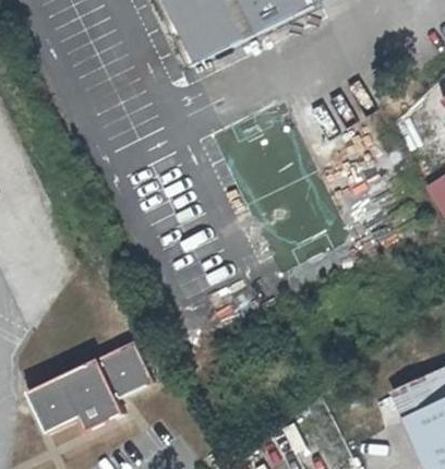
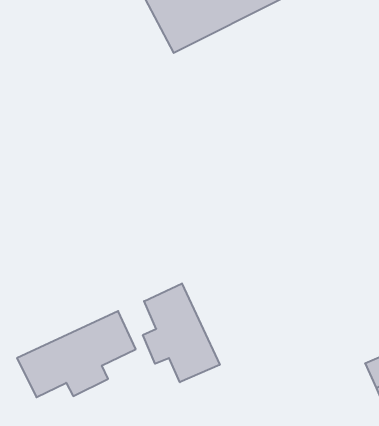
building: none -> [143,283,220,382]

